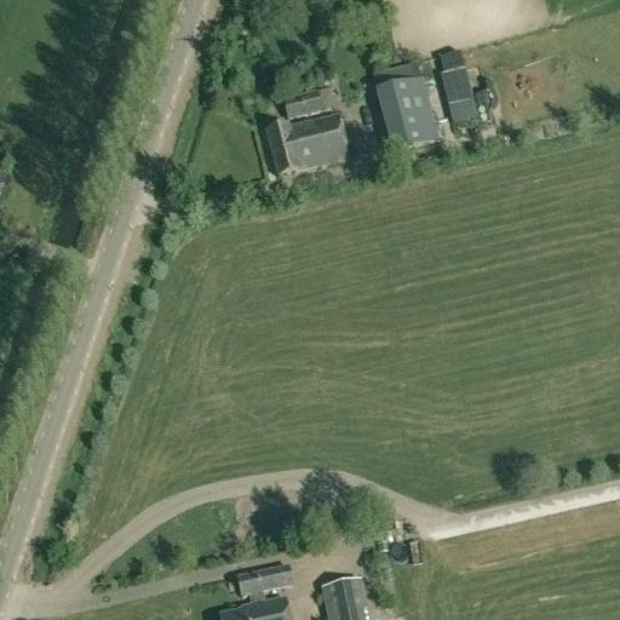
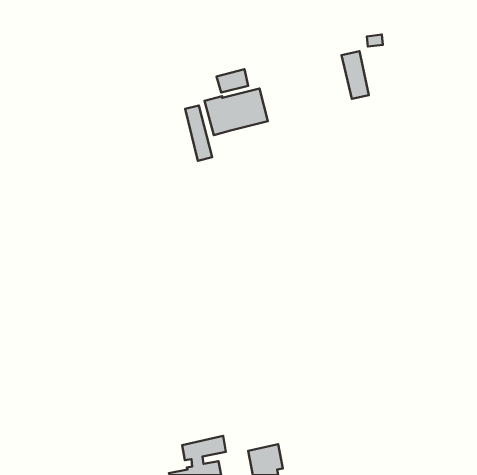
building: [371,63,438,153] -> none
building: none -> [185,106,212,161]

